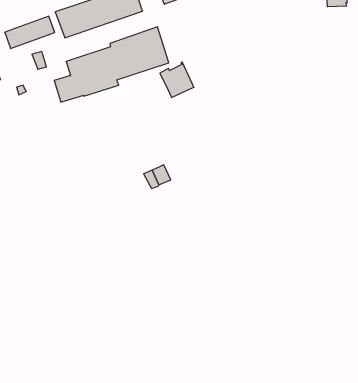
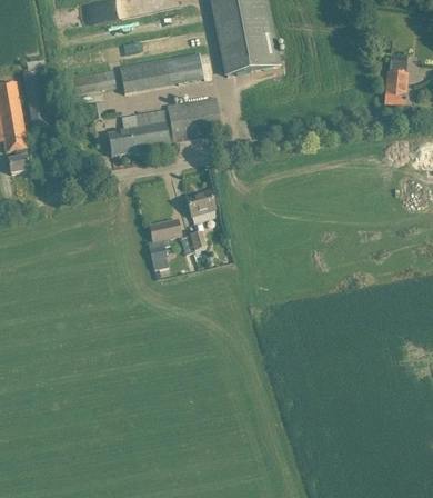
building: [160,62,194,98] -> [185,189,217,222]
building: none -> [147,218,180,269]

